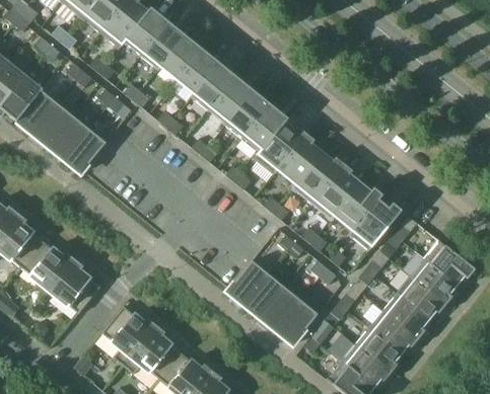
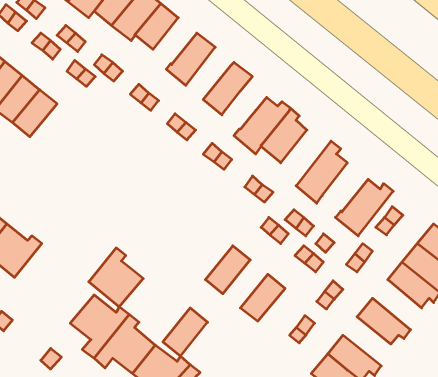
building: [179,49,219,92] -> none
building: [209,76,254,125] -> none
building: [242,103,287,152] -> none
building: [64,129,107,173] -> none
building: [291,153,344,205] -> none
building: [336,183,383,229] -> none
building: [50,258,100,313] -> [89,248,143,307]
building: [243,273,285,318] -> [163,308,208,356]
building: [382,292,428,338] -> none
building: [276,300,319,344] -> none
building: [355,326,400,372] -> none

